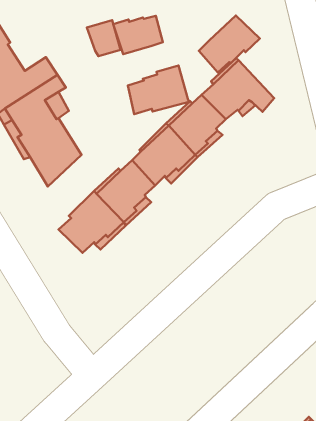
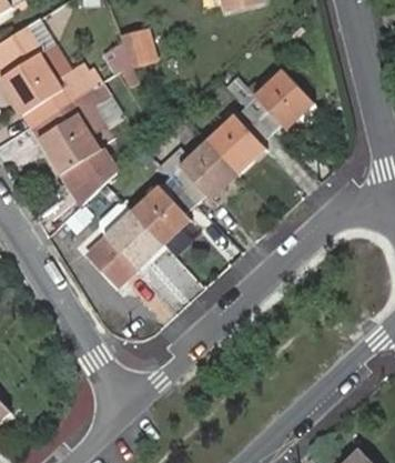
building: [199,15,260,72] -> none
building: [113,16,163,54] -> none
building: [128,65,189,114] -> none

